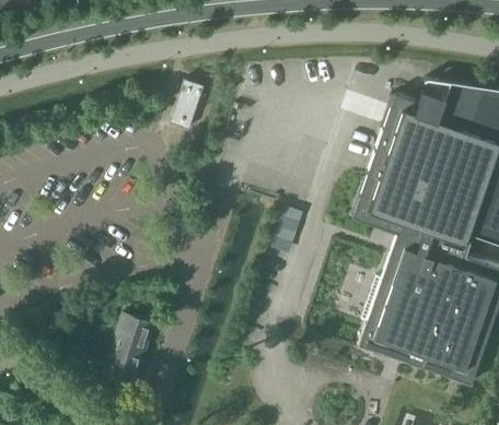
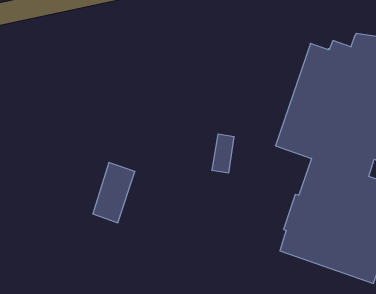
building: [171,80,205,129] -> none
building: [104,311,155,385] -> [93,162,135,223]

